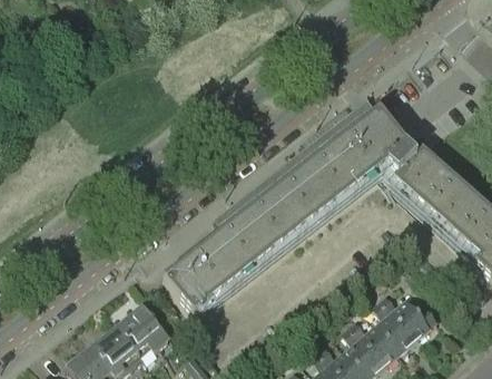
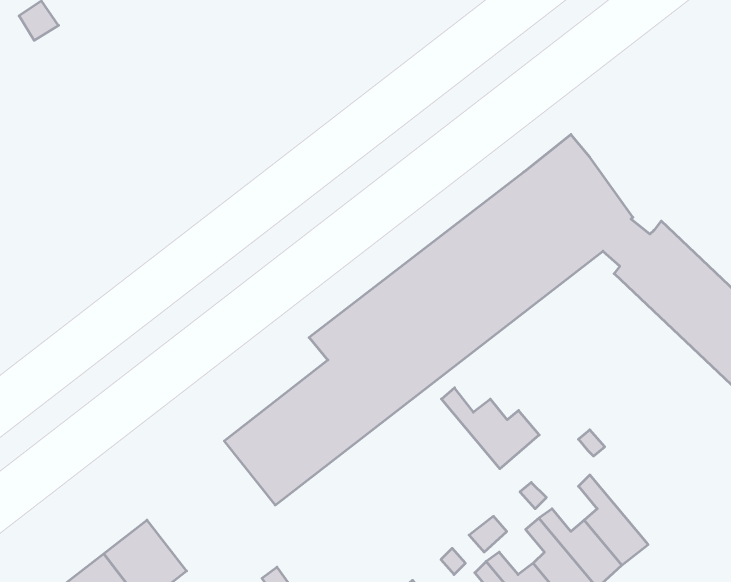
building: [378,294,436,342] -> [441,388,539,469]
building: [117,309,168,358] -> none

